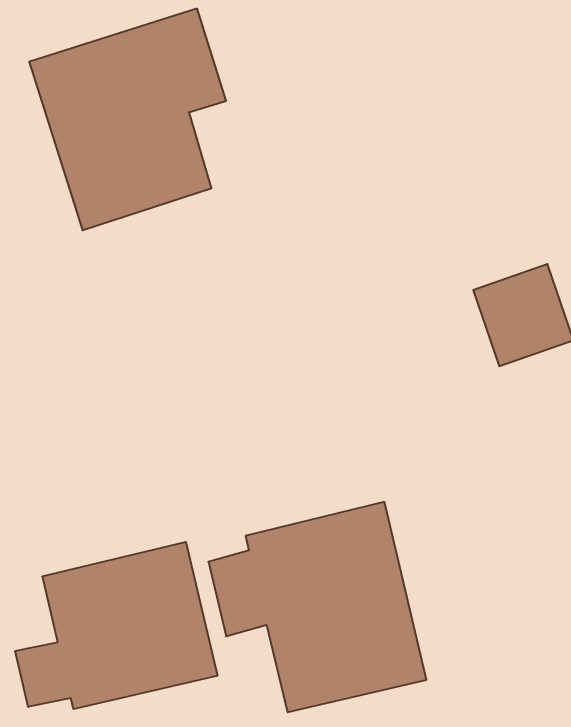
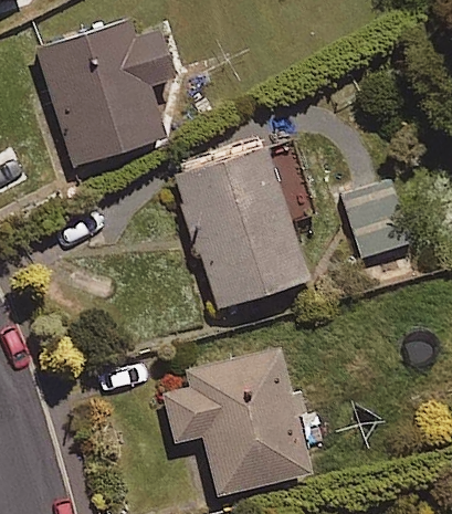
building: none -> [176,139,319,308]
building: [15,542,217,709] -> none

